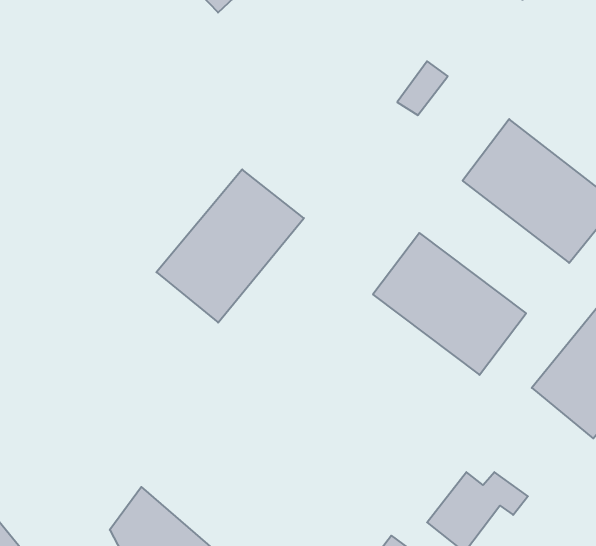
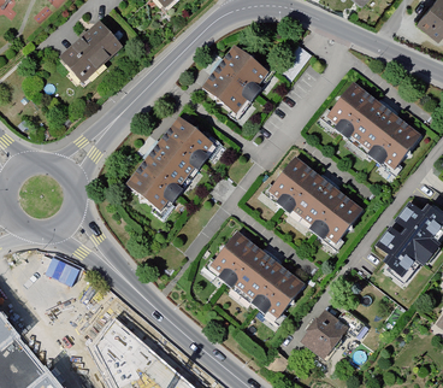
building: none -> [59,24,123,86]
building: none -> [200,43,273,118]
building: none -> [208,229,307,322]

